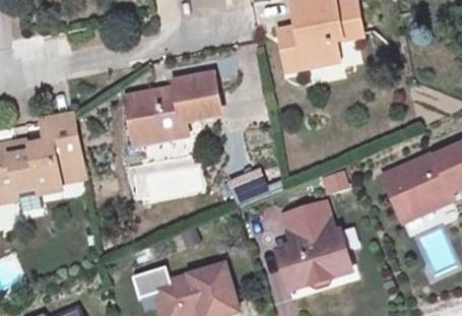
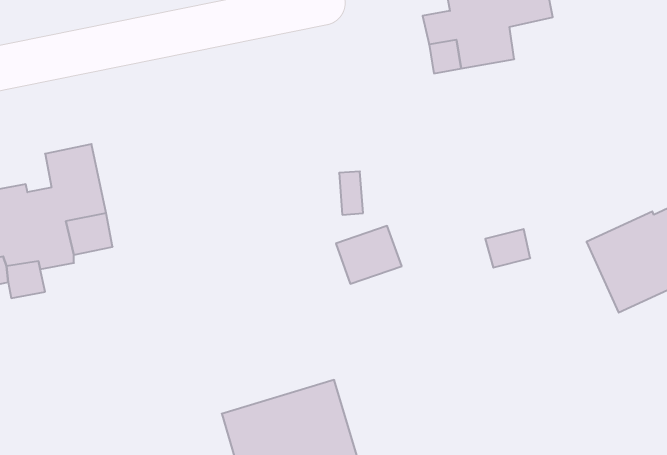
building: [128,72,219,143] -> none
building: [277,201,352,291] -> none

